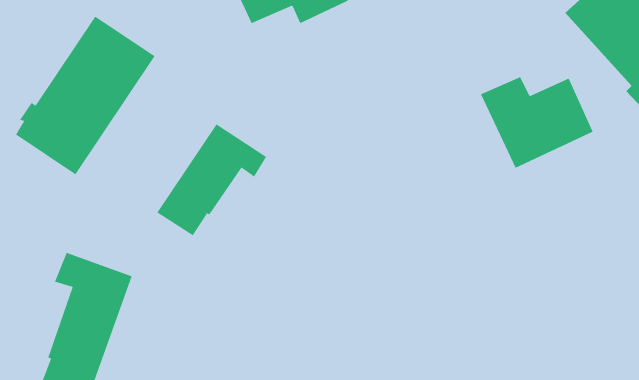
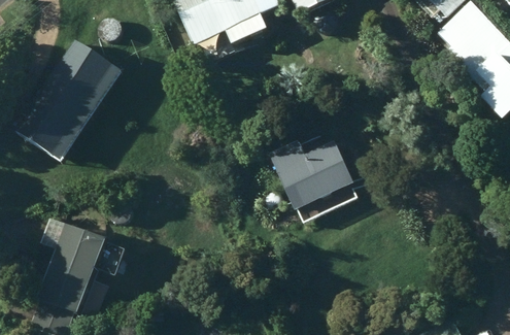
building: [480,77,594,168] -> [268,140,354,210]
building: [157,123,267,236] -> none

